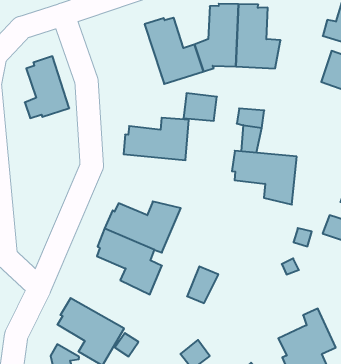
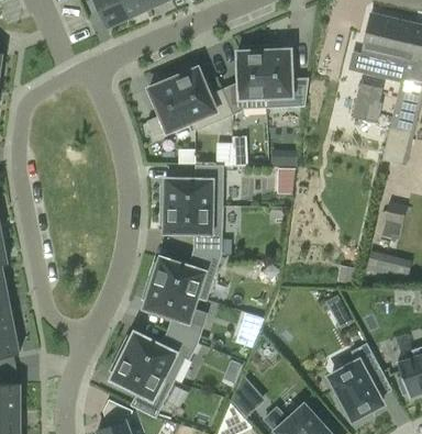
building: [25,56,69,118] -> [145,73,191,136]
building: [232,151,297,205] -> [158,204,222,254]
building: none -> [118,329,197,379]

